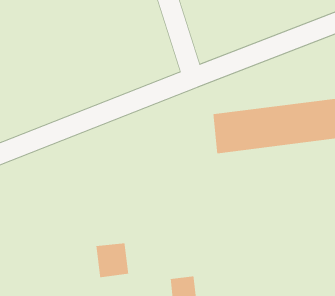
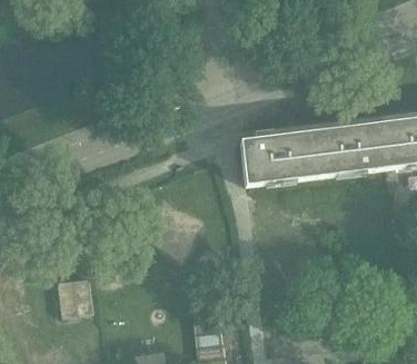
building: [96,243,129,278] -> [59,277,96,316]

